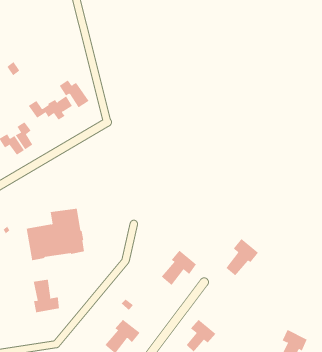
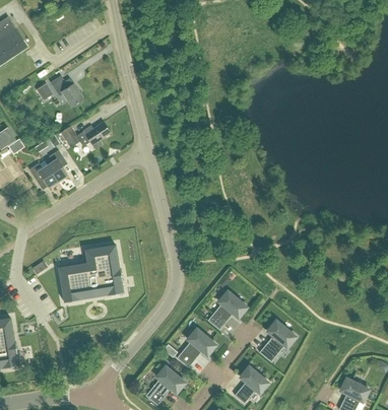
building: [59,79,89,108] -> [51,74,84,106]
building: [225,238,259,276] -> [259,319,296,360]
building: [33,279,59,313] -> none
building: none -> [177,328,216,366]

